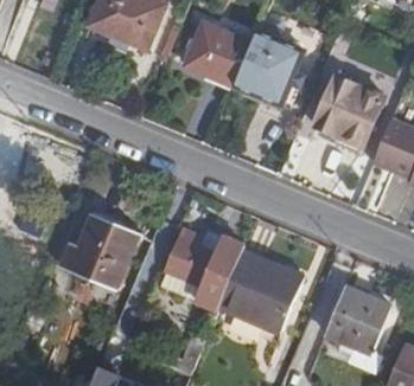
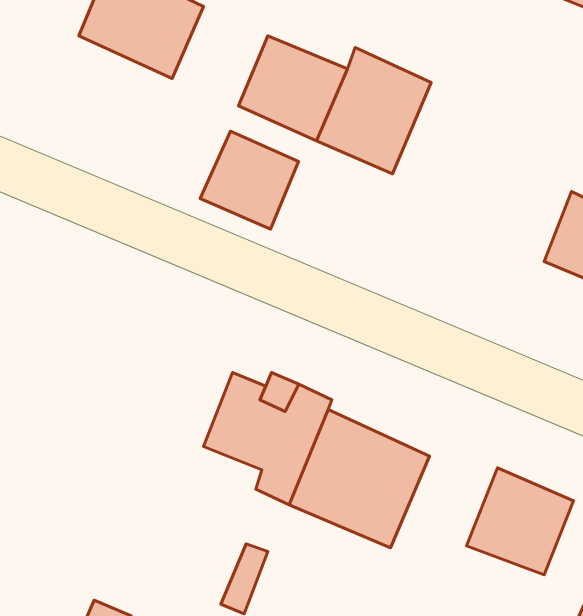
building: [313,72,386,144] -> none
building: none -> [200,131,299,229]
building: [60,212,140,287] -> none

